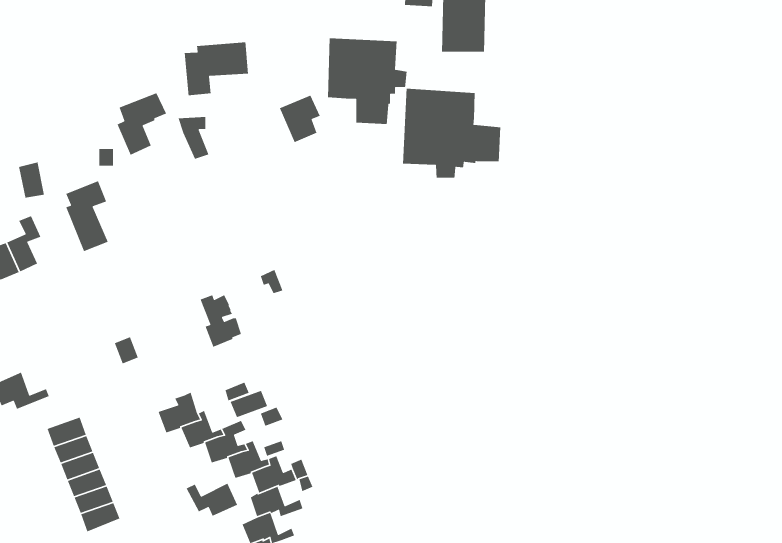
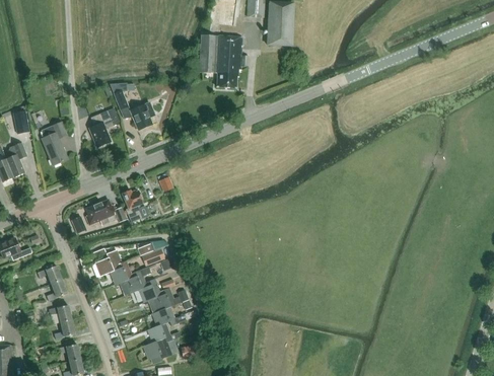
building: [184,41,249,96] -> none
building: [402,88,501,179] -> none
building: [117,92,167,156] -> [89,108,120,147]
building: [279,94,321,143] -> [130,101,155,131]
building: none -> [85,200,127,225]
building: [186,482,238,517] -> none

